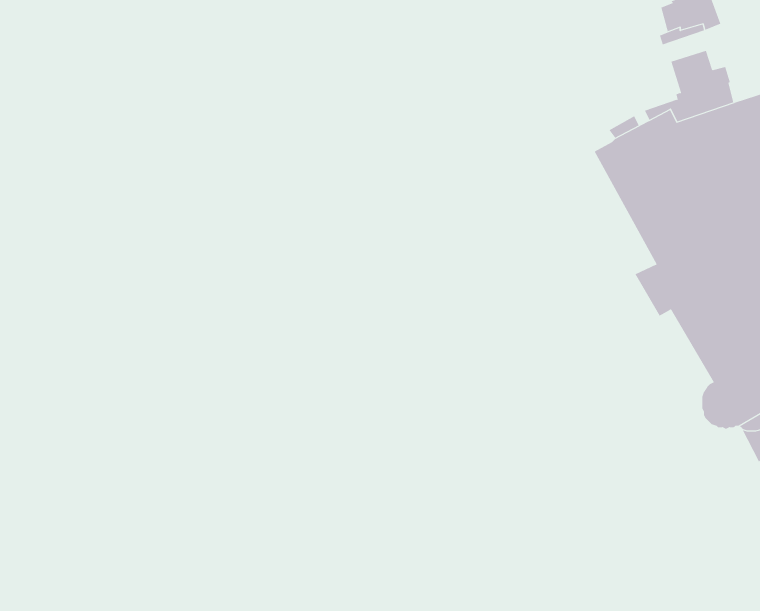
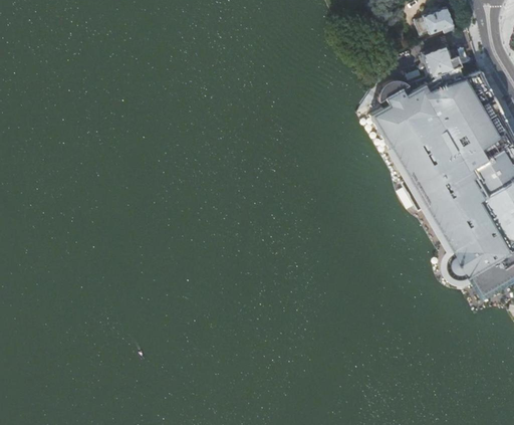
building: none -> [370,107,417,182]

